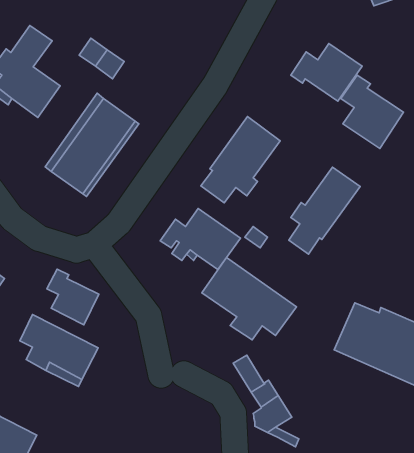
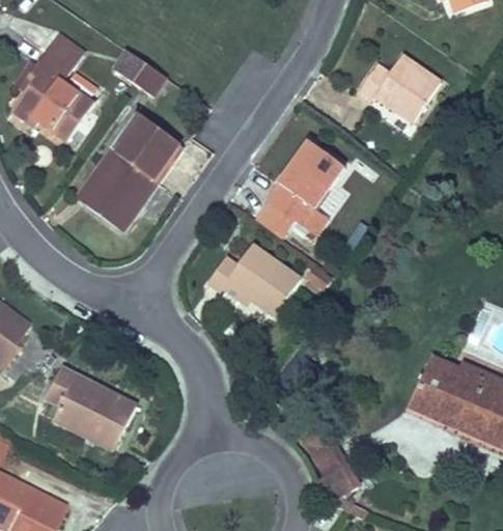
building: [341,75,404,149] -> none
building: [289,167,360,254] -> none
building: [202,257,296,340] -> none
building: [47,269,99,325] -> none

